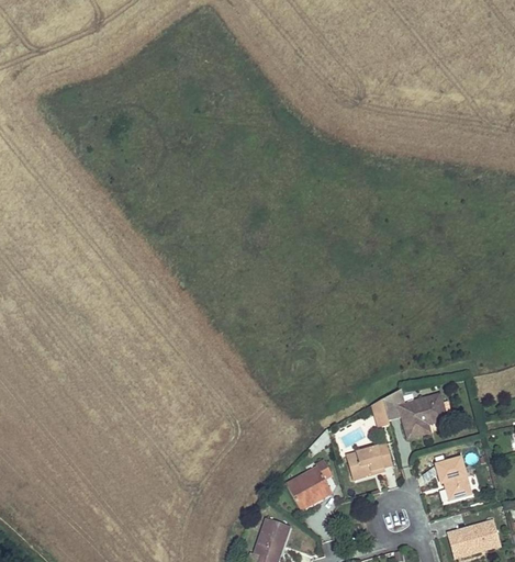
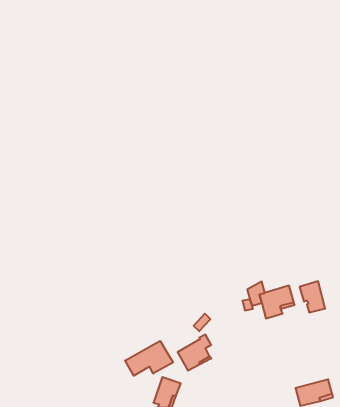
building: [345,443,392,480] -> none
building: [435,458,470,501] -> [300,281,325,313]
building: none -> [125,341,173,376]

